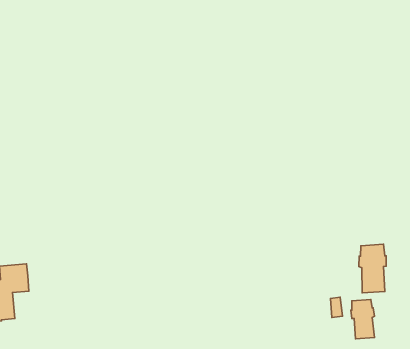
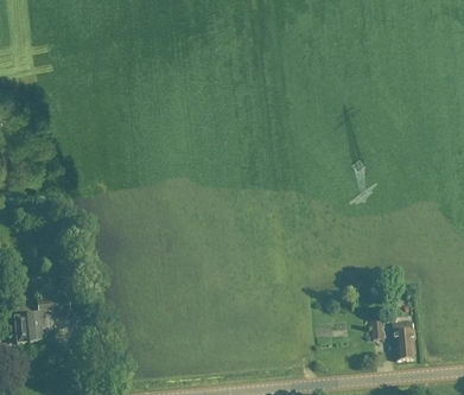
building: [359,244,386,293] -> none

